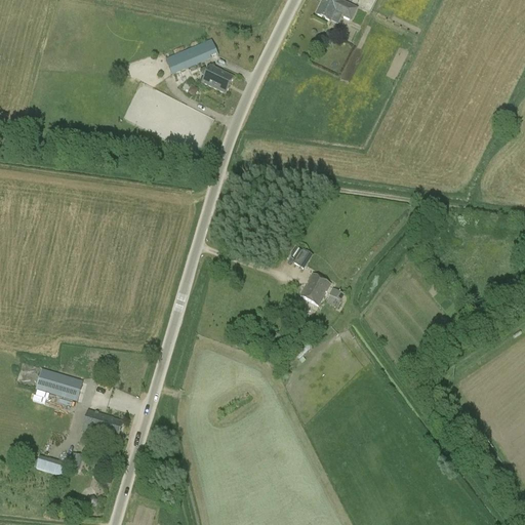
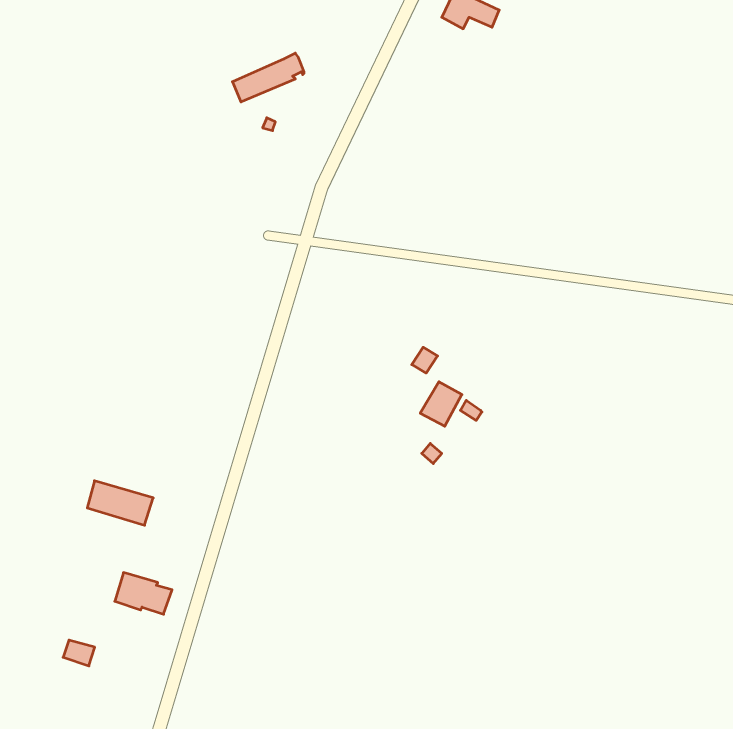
building: [202,65,234,92] -> none
building: [36,368,83,400] -> [87,481,153,525]

